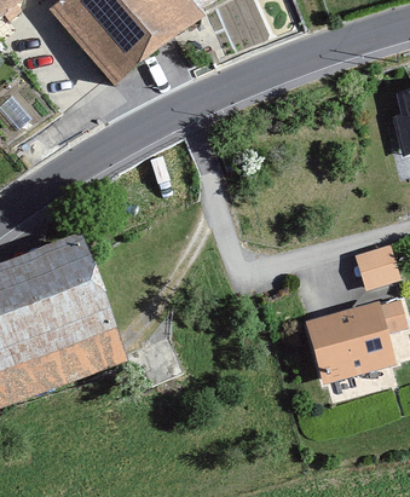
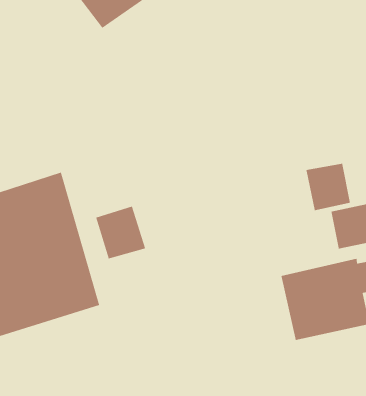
building: none -> [306,163,351,211]
building: none -> [95,205,146,260]

